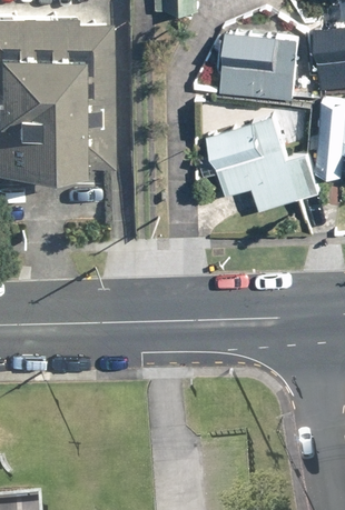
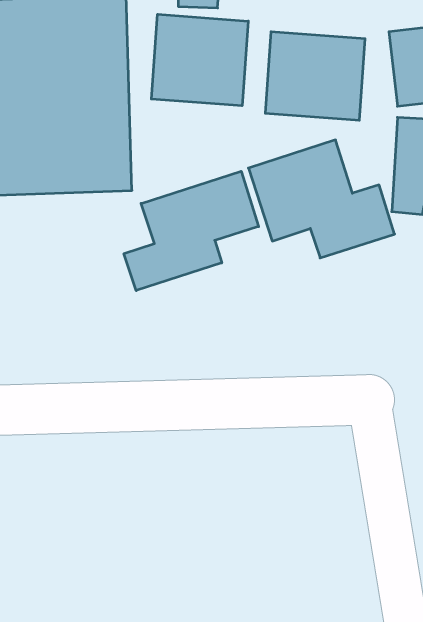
building: none -> [151,14,248,106]
building: none -> [124,171,259,291]

